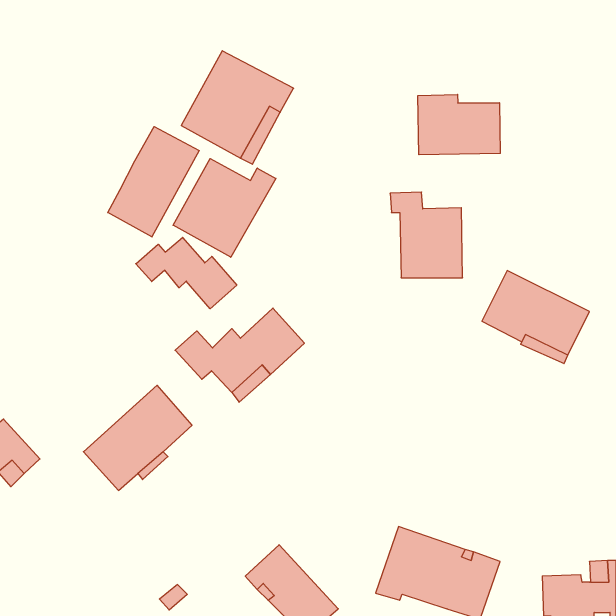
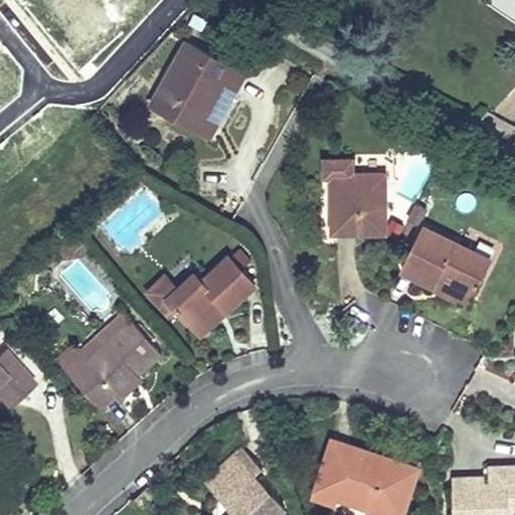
building: [418,94,500,155] -> none
building: [108,127,199,237] -> none
building: [173,159,276,257] -> none
building: [136,237,237,309] -> none

